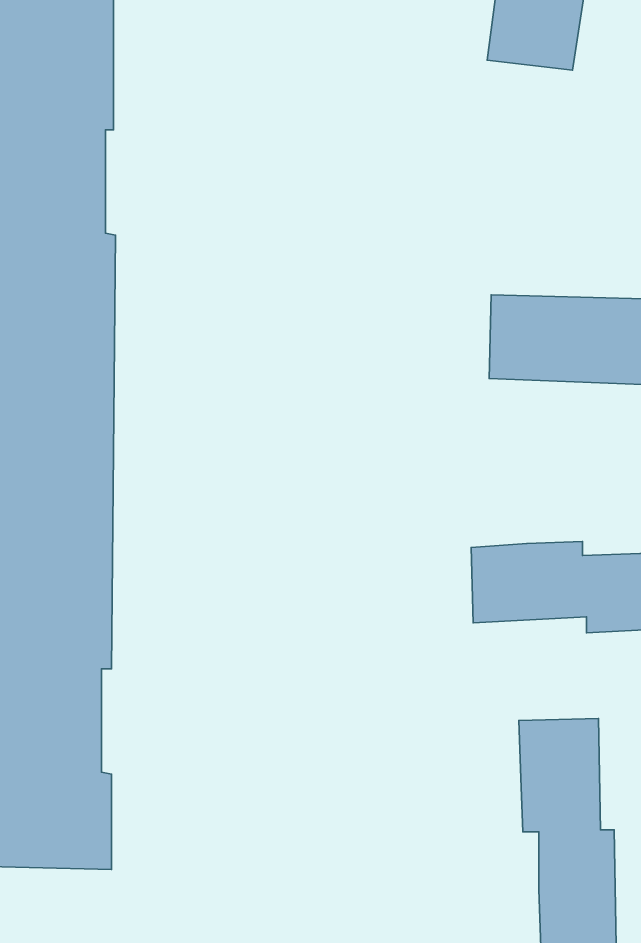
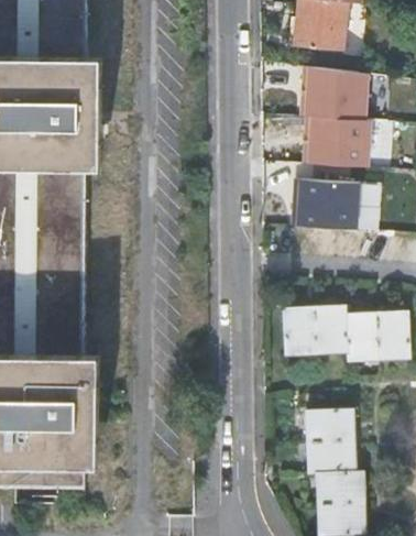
building: none -> [302,63,372,163]

